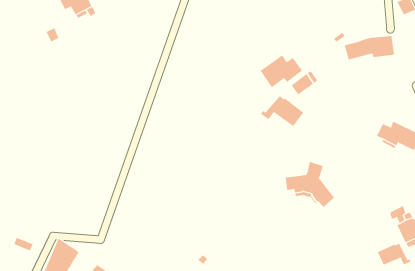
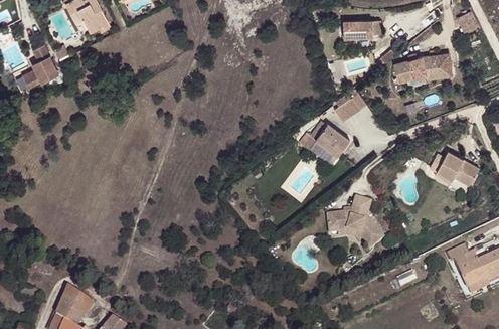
building: none -> [345,20,382,38]
building: none -> [21,44,57,88]
building: [260,54,303,88] -> none
building: [377,243,411,266] -> none

